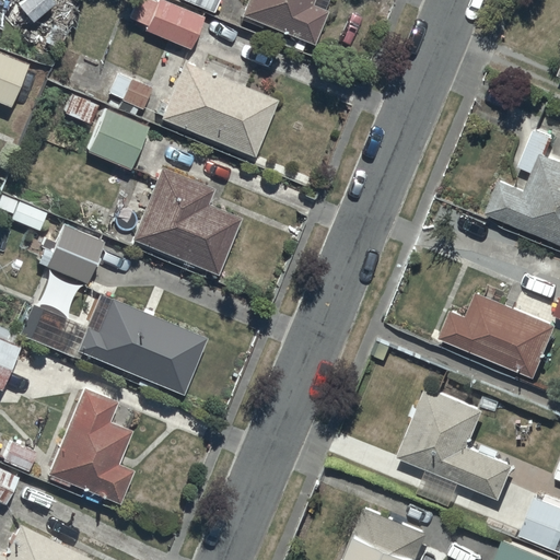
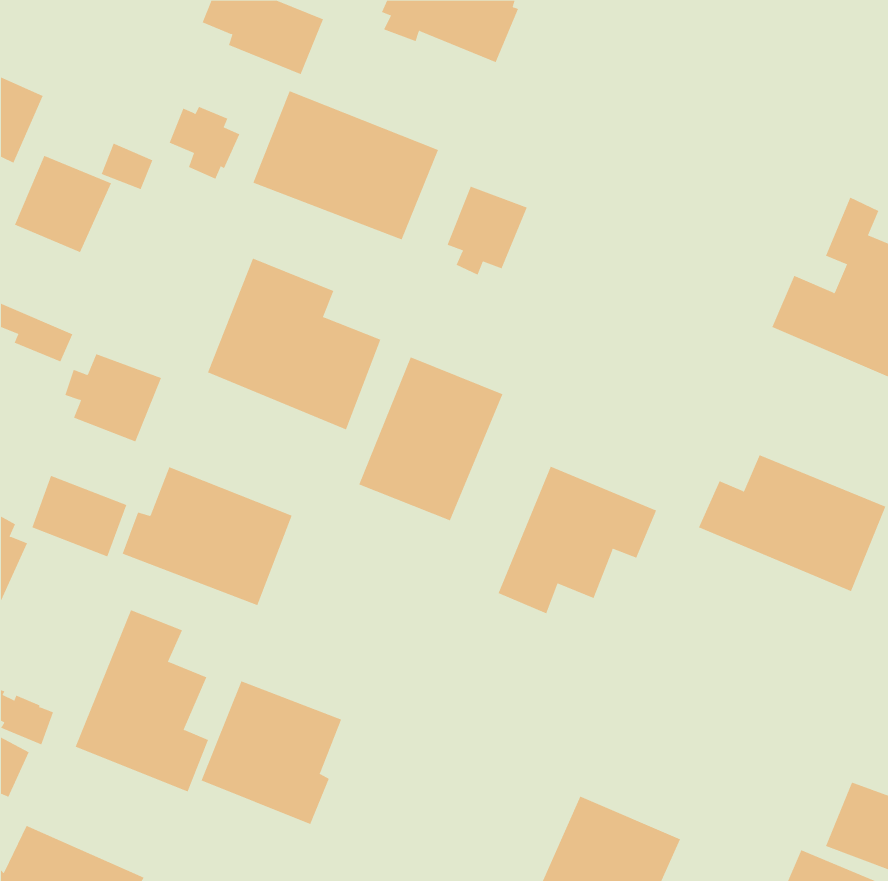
building: [86,108,148,170] -> [14,155,112,253]
building: none -> [447,186,527,275]
building: none -> [359,357,503,521]
building: none -> [498,466,657,614]
building: [398,385,513,499] -> none
building: none -> [201,680,342,825]

